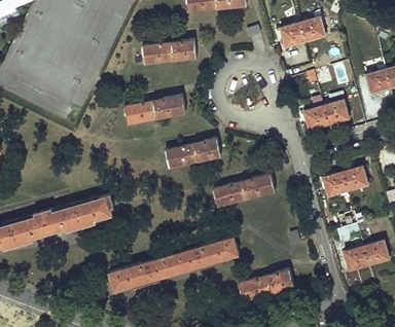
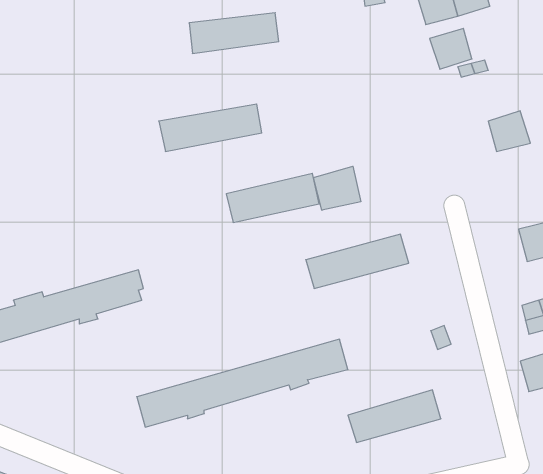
building: [302,106,328,131] -> [430,28,472,69]
building: none -> [313,166,361,210]
building: [321,172,347,196] -> none

